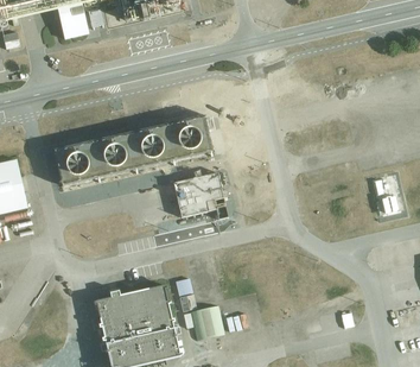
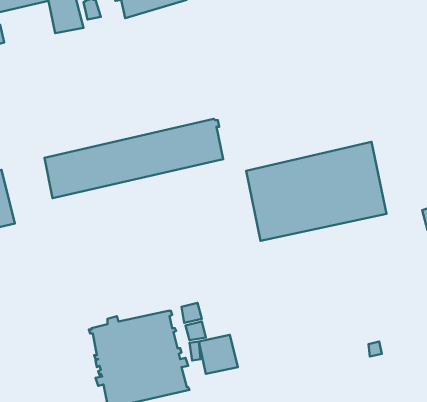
building: none -> [246,142,386,241]
building: [174,172,223,216] -> none

